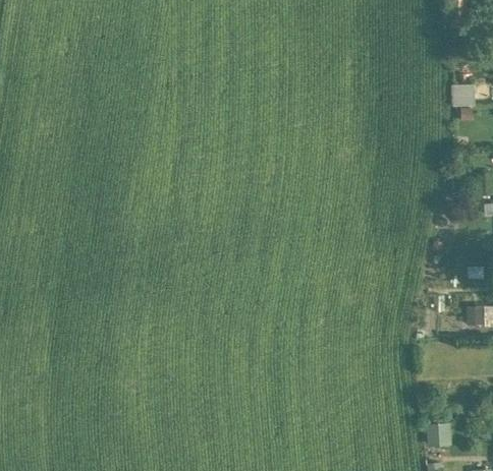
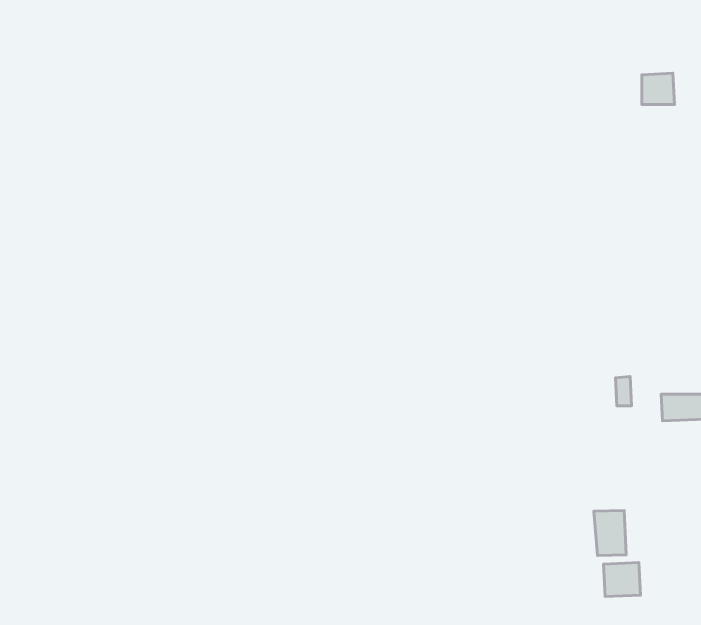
building: none -> [594,511,626,555]

